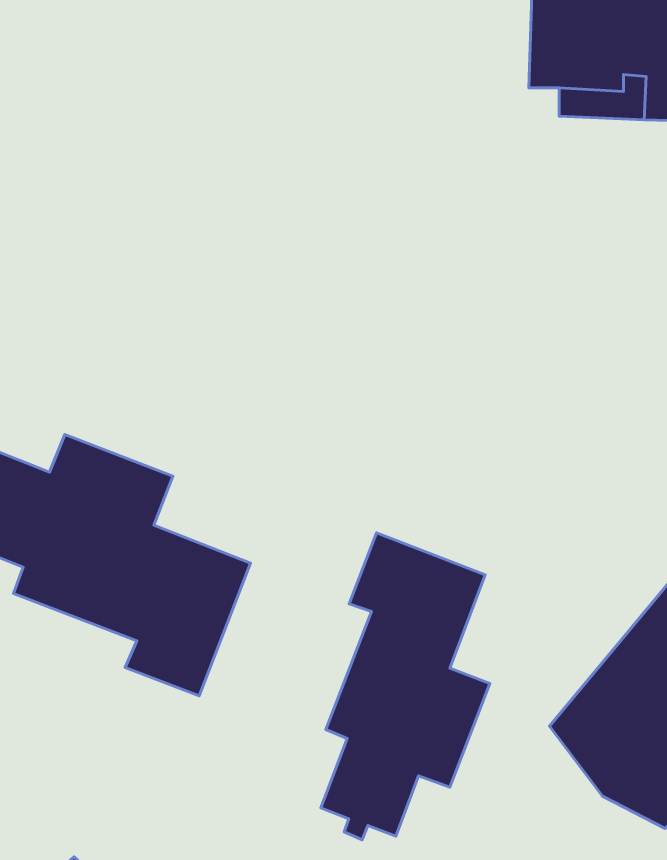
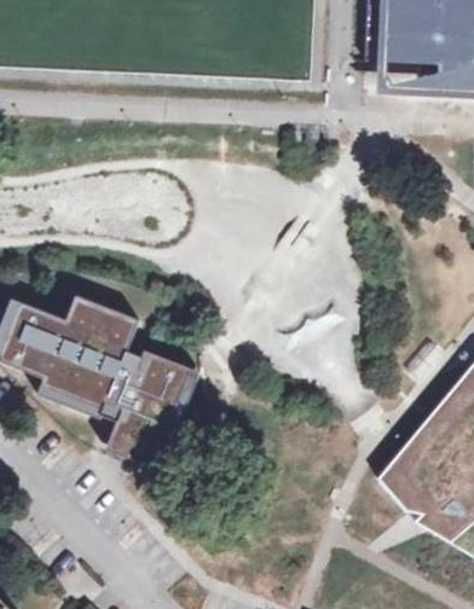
building: [321,533,490,840] -> none

